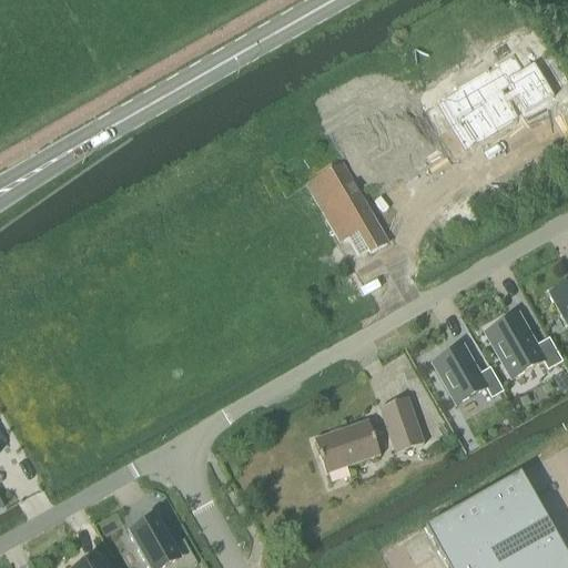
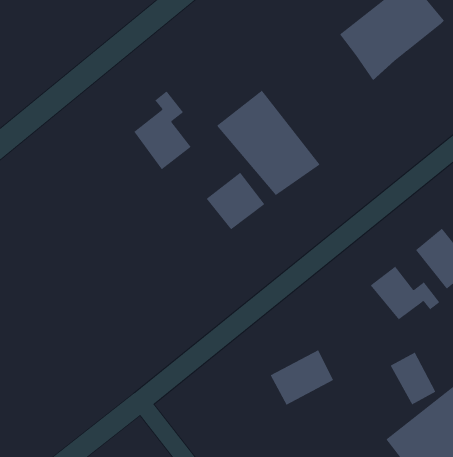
building: none -> [134,91,191,170]
building: none -> [206,172,265,230]
building: [379,397,424,453] -> [390,352,436,405]

